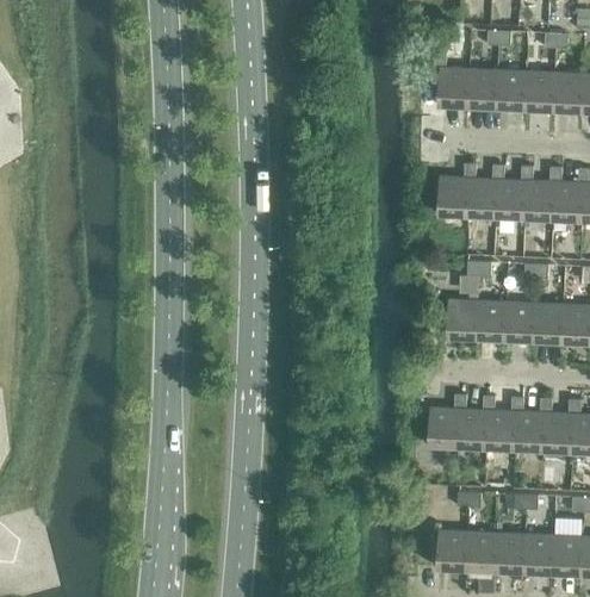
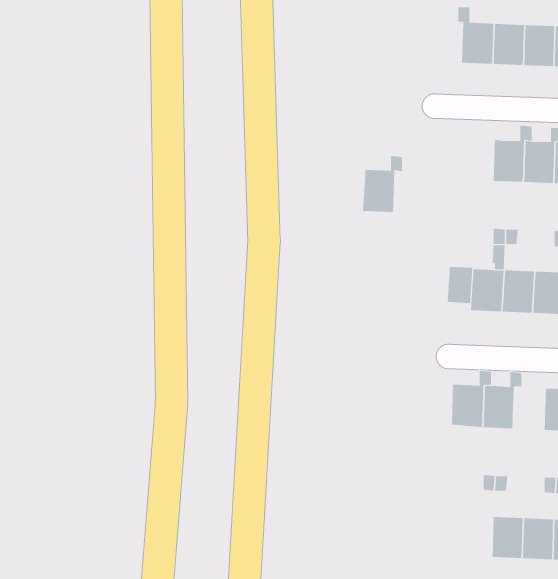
building: [437,162,476,216] -> [362,155,403,213]
building: none -> [447,266,473,304]
building: [486,396,523,449] -> none
building: [436,529,467,568] -> none

